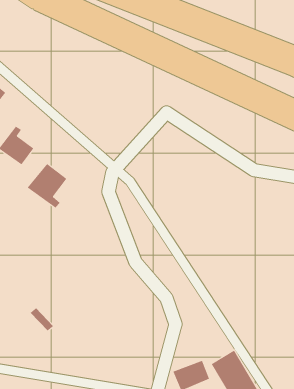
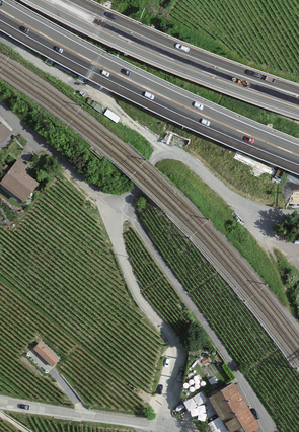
building: [27,163,67,209] -> none

